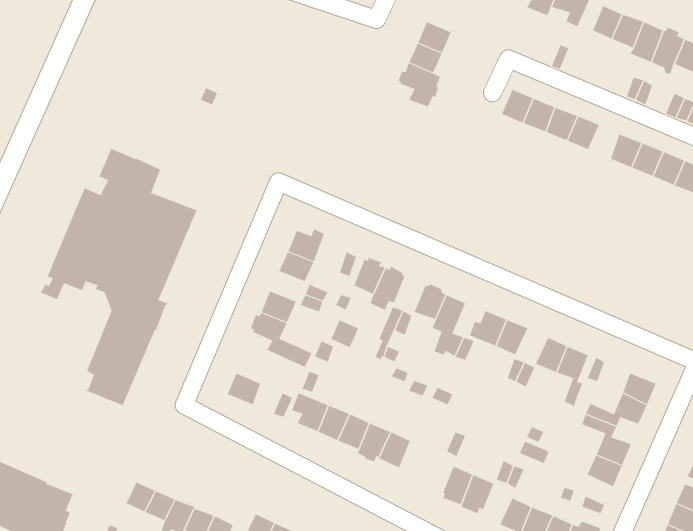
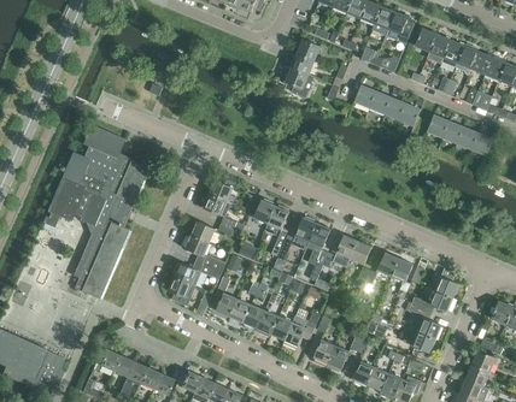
building: none -> [172,261,221,285]
building: none -> [282,312,319,349]

